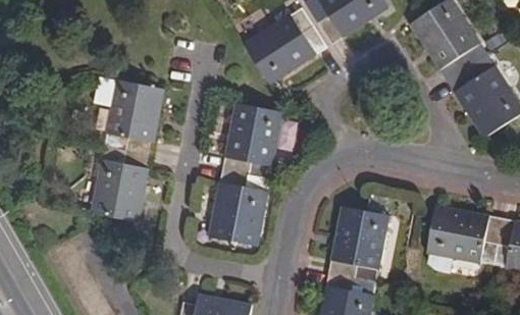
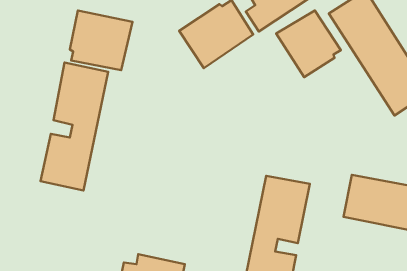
building: none -> [276,10,341,77]
building: none -> [70,11,132,70]
building: [208,103,281,244] -> none

